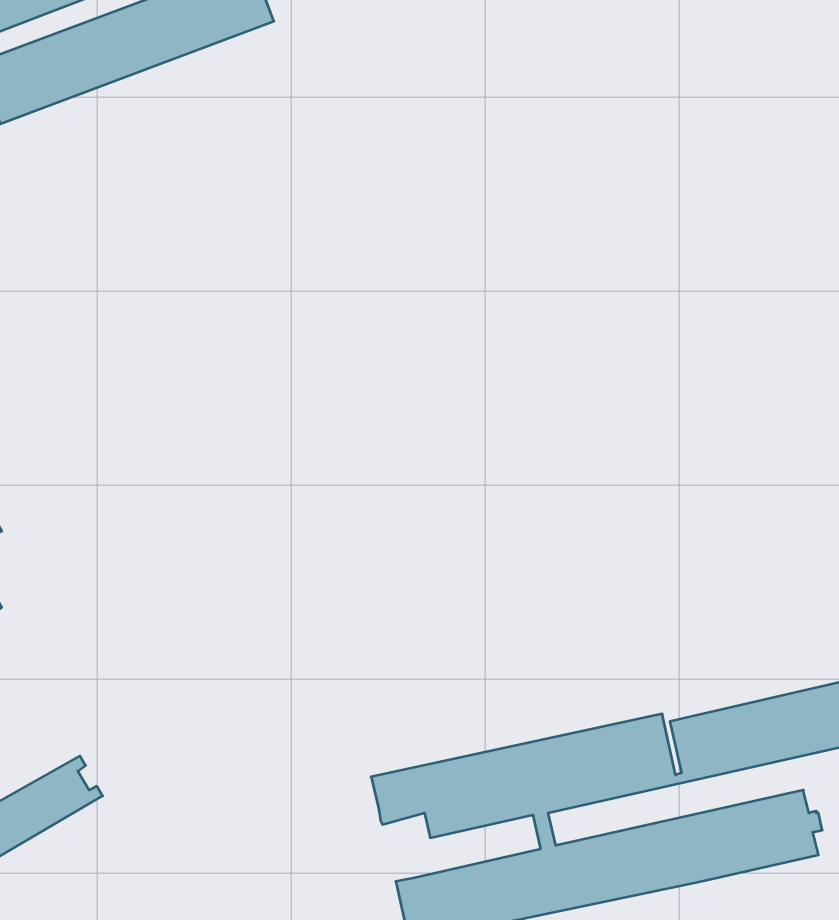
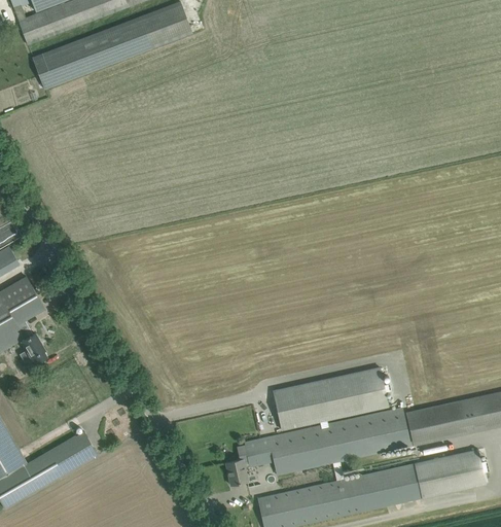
building: none -> [272,366,390,430]
building: none -> [225,458,249,485]

